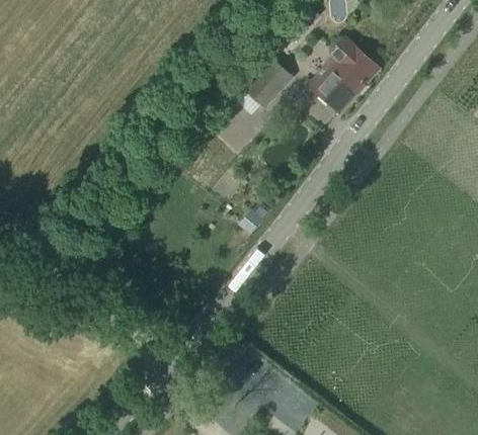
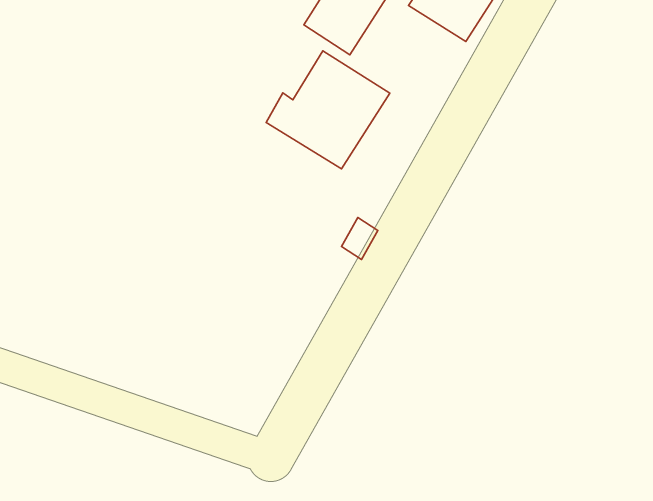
building: none -> [266,51,390,169]

